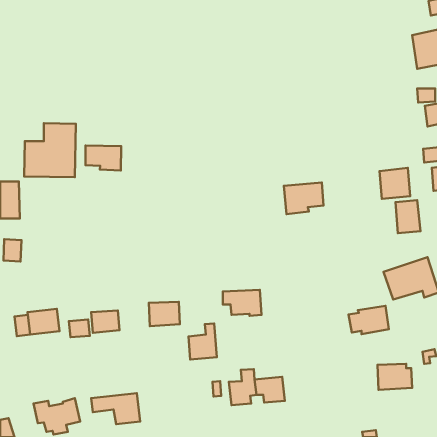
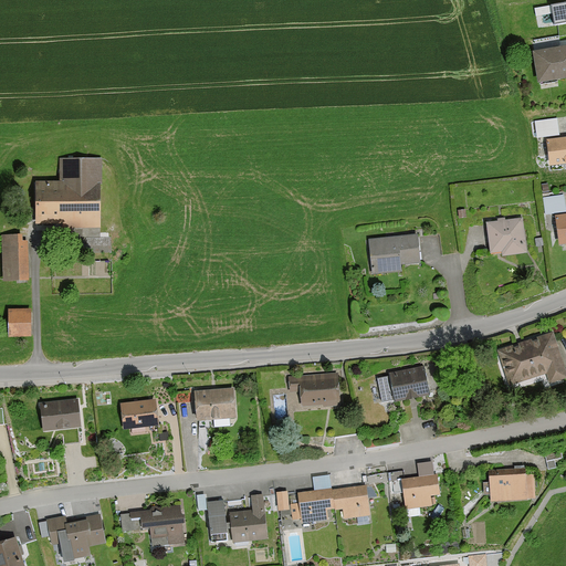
building: [86,146,121,170] -> none
building: [395,200,421,233] -> none
building: [349,306,389,334] -> [377,366,429,402]
building: [14,315,30,336] -> none
building: [69,320,90,337] -> none
building: [188,323,217,360] -> [230,493,266,539]
building: none -> [401,474,438,509]
building: none -> [208,500,224,533]

